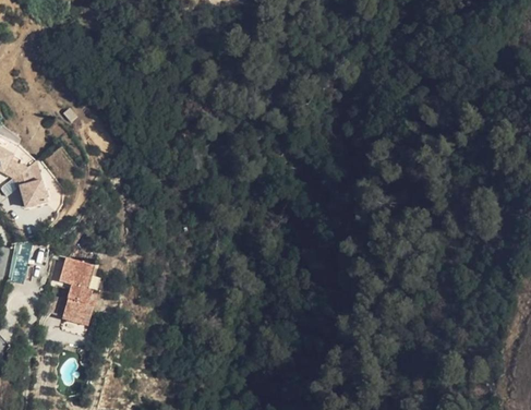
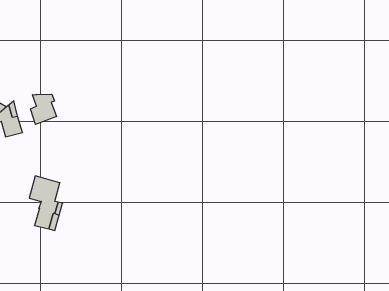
building: none -> [31,94,57,124]

